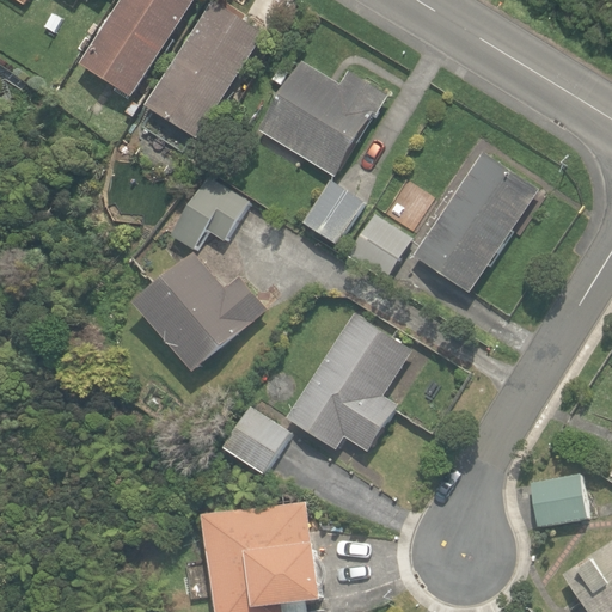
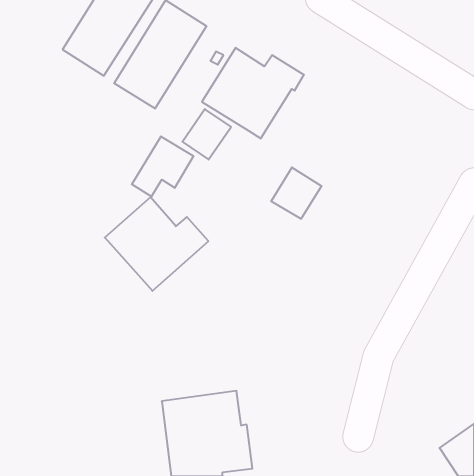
building: [414,152,538,294] -> none
building: [301,180,363,245] -> [182,109,231,160]
building: [286,313,410,451] -> none
building: [222,405,290,473] -> none
building: [530,473,587,527] -> none

